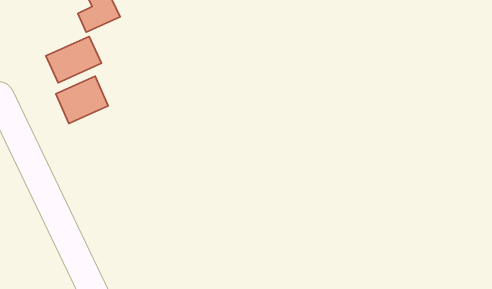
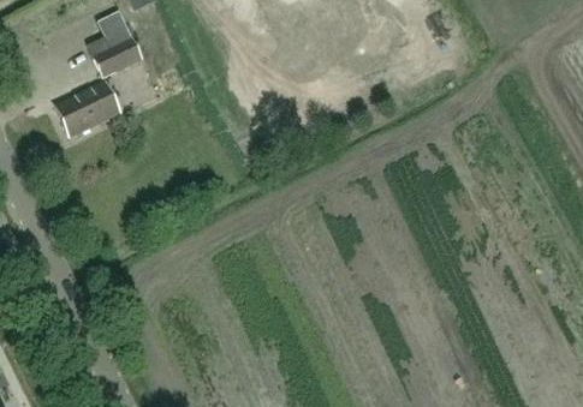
building: [56,76,108,124] -> none

